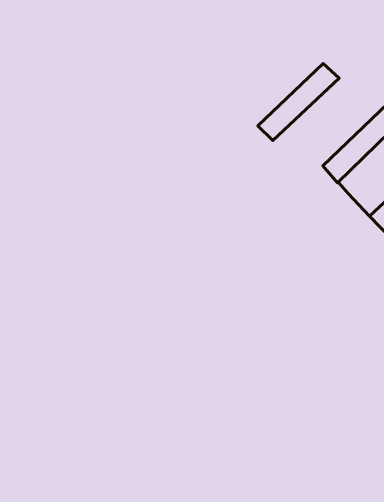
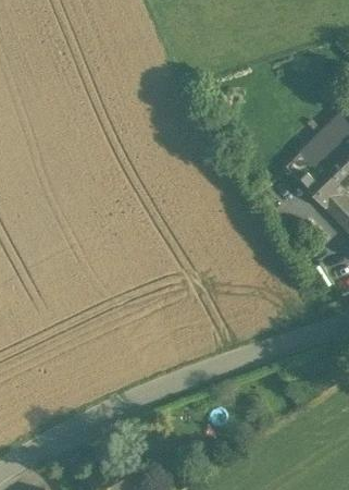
building: [258,63,339,141] -> none

